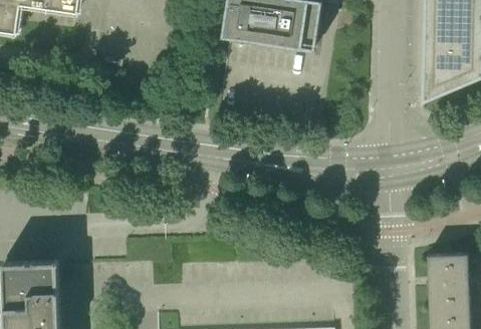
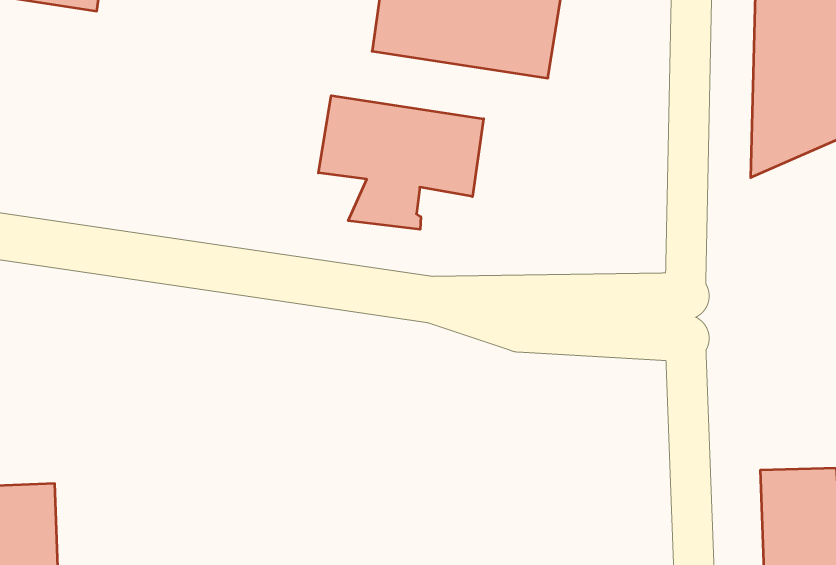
building: none -> [318,96,484,229]

